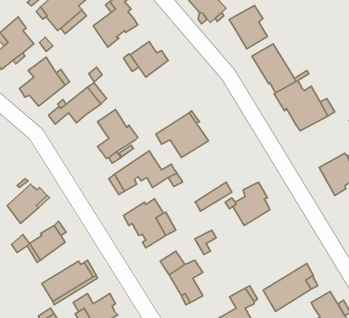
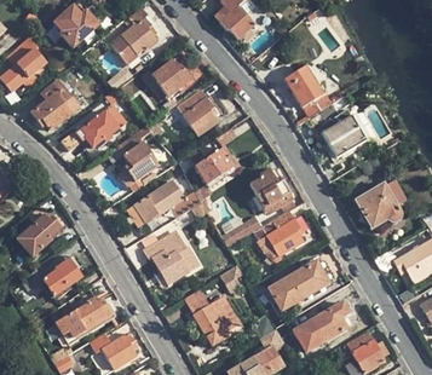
building: [229,6,268,49] -> none
building: none -> [177,88,219,137]
building: none -> [249,166,294,214]
building: none -> [269,260,330,310]

